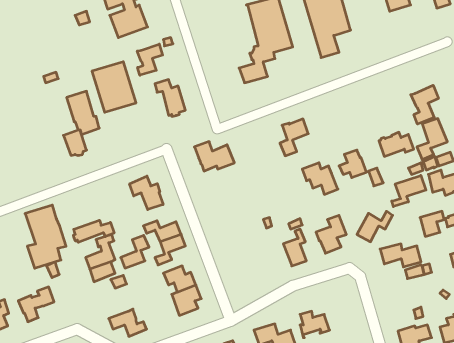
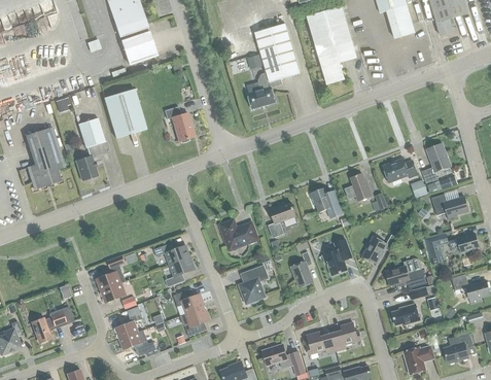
building: [137,44,163,75] -> none
building: [411,85,438,124] -> none
building: [280,119,308,156] -> [267,202,294,238]
building: [194,142,234,171] -> [218,218,257,247]
building: [392,175,426,207] -> none
building: [130,176,163,210] -> none
building: [25,205,66,268] -> [24,126,64,187]
building: [73,220,114,242] -> none
building: [121,235,149,268] -> [114,307,142,339]
building: none -> [238,265,268,304]
building: none -> [390,303,419,324]
building: none -> [329,321,360,350]

